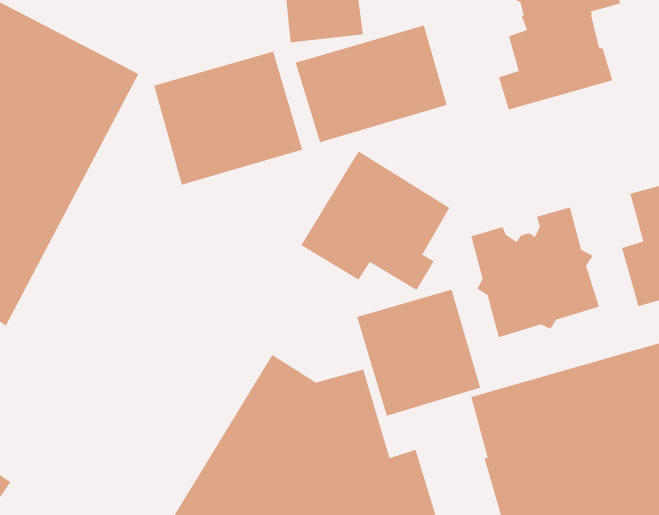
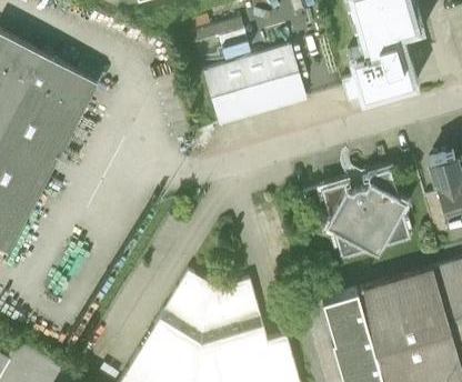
building: [154,51,303,185] -> none
building: [301,150,450,291] -> none
building: [357,289,481,417] -> none

